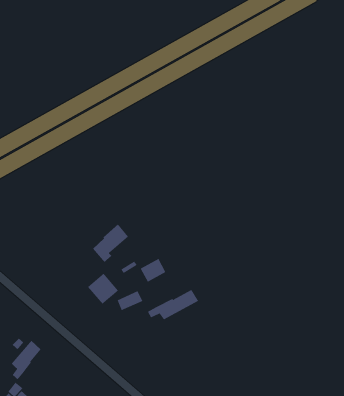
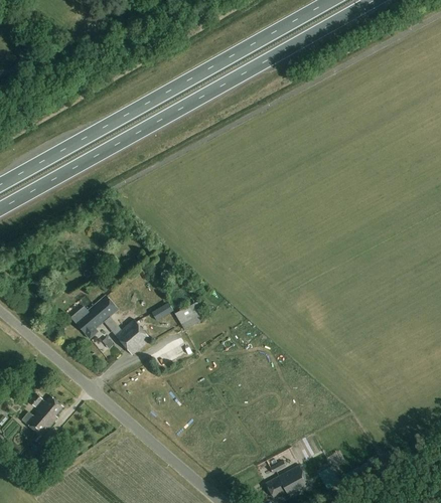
building: [92,223,129,263] -> [76,294,118,339]
building: [147,289,199,320] -> none

